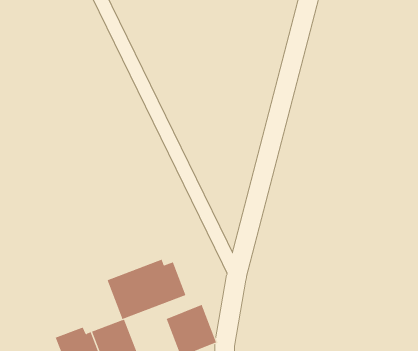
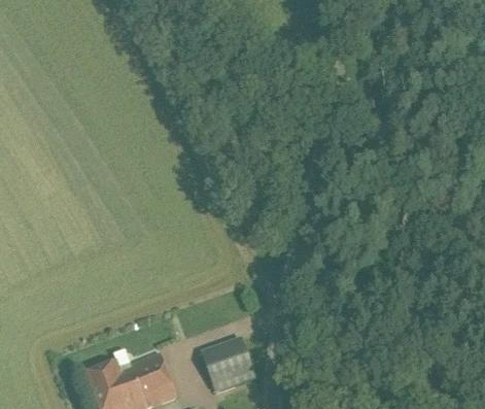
building: [107,259,186,320] -> none

